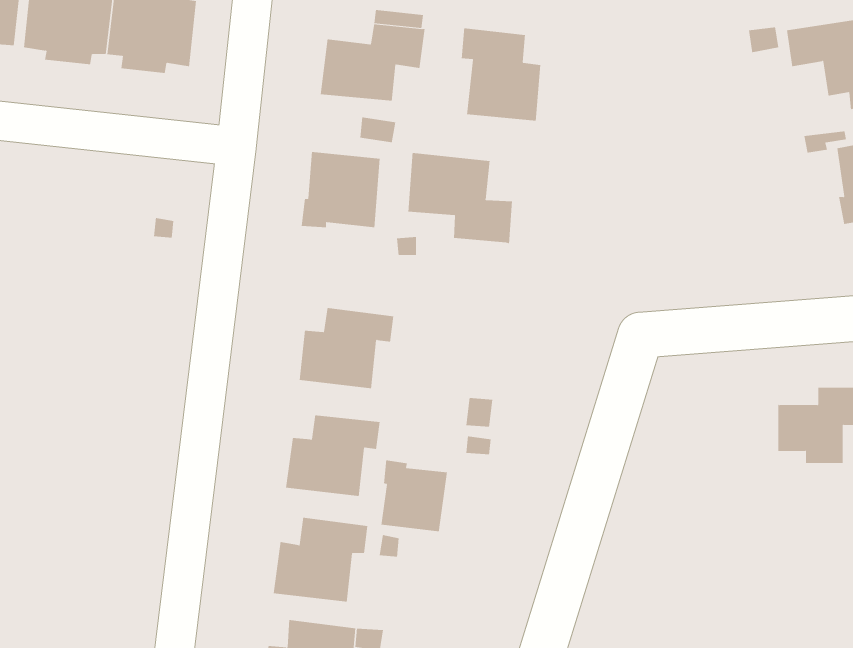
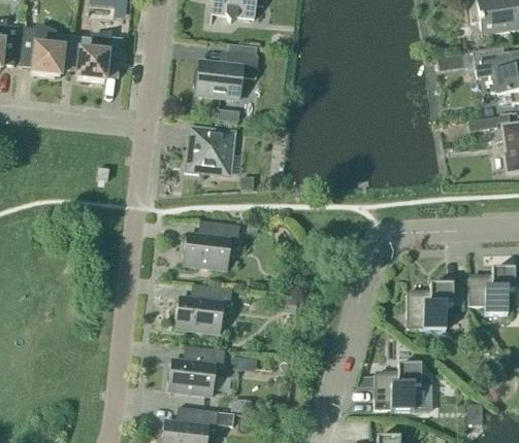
building: [461,27,541,122] -> none
building: [408,152,512,244] -> none
building: none -> [407,283,464,329]
building: [381,460,448,532] -> none
building: none -> [375,365,432,409]

